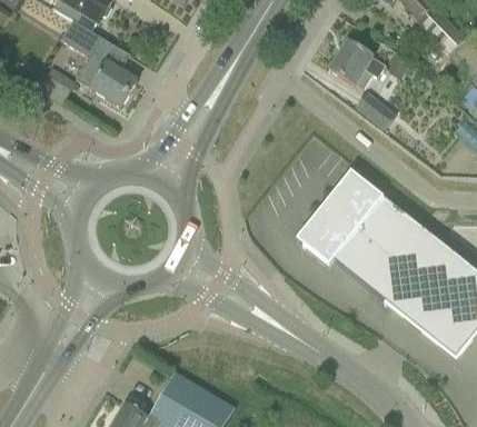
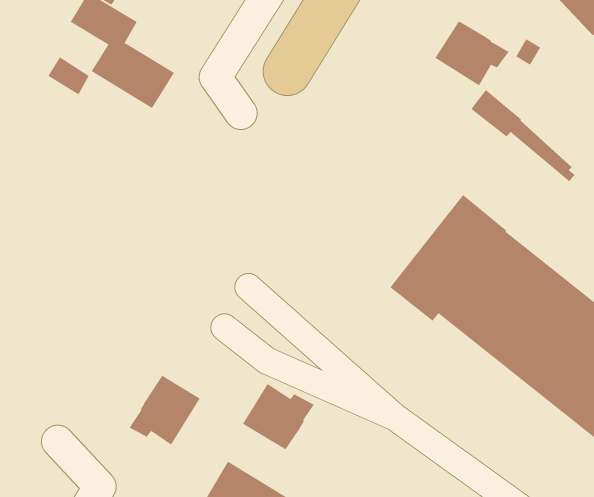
building: none -> [129,375,200,446]
building: none -> [242,383,315,450]

